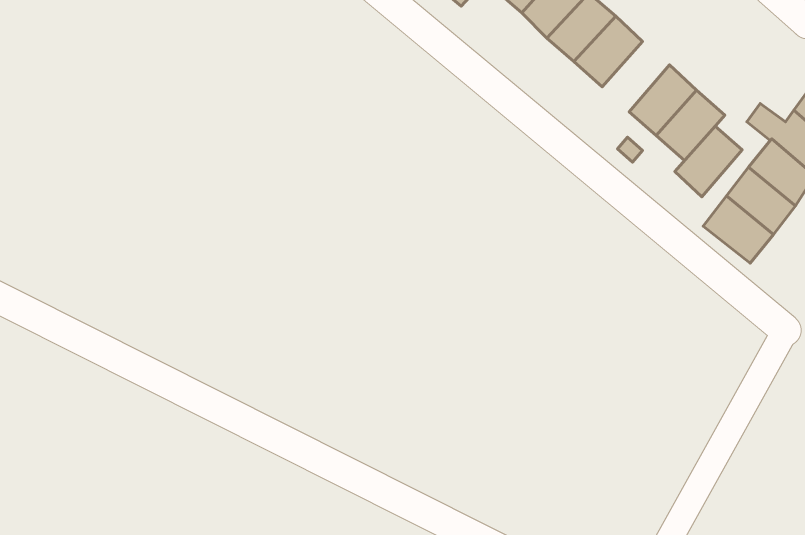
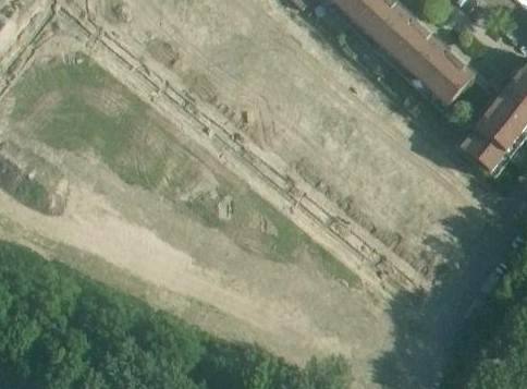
building: [675,126,742,197] -> [394,27,438,73]

